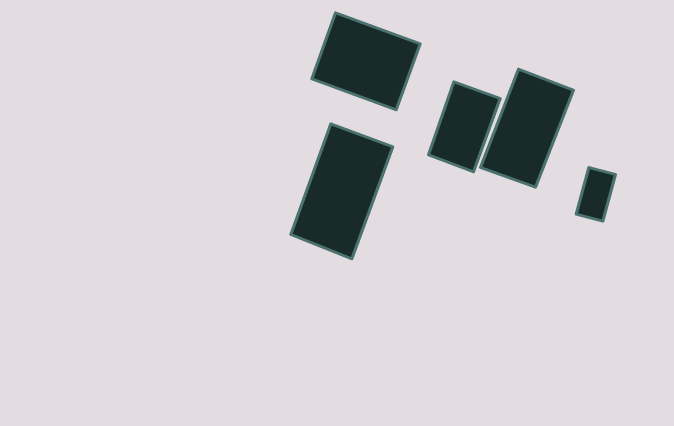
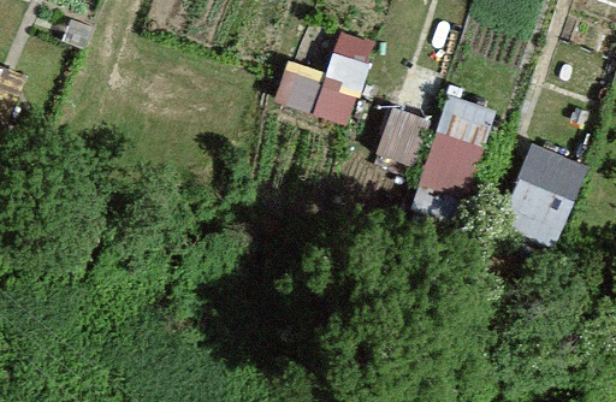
building: [291,124,393,259] -> none

